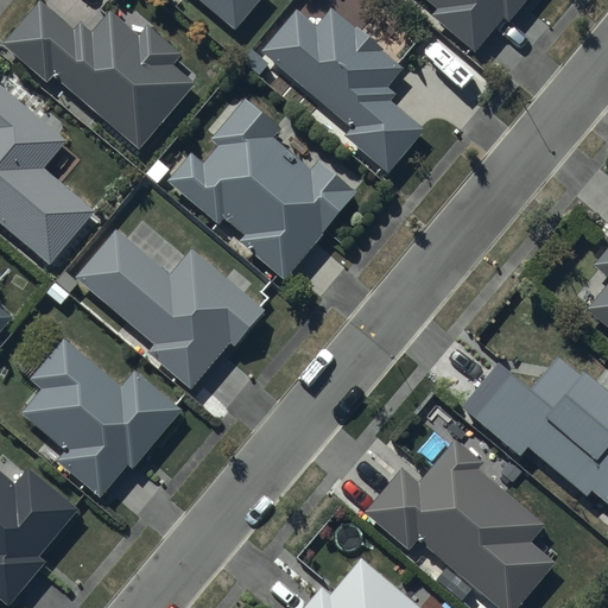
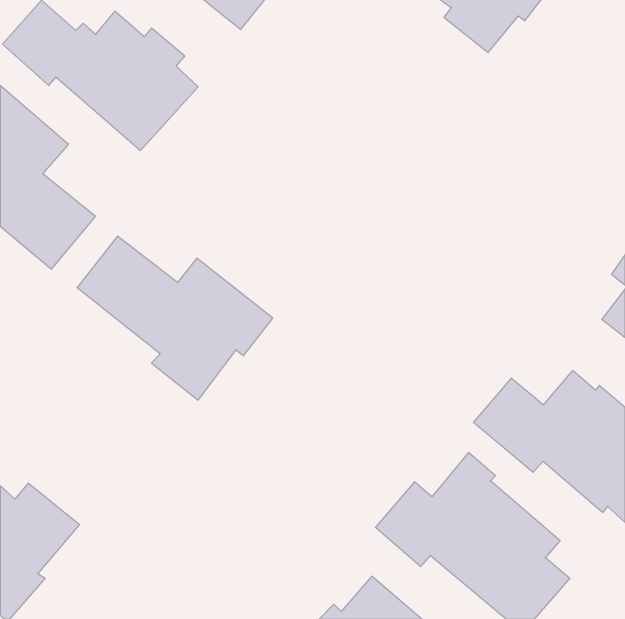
building: [261,8,424,172] -> none
building: [167,100,357,279] -> none
building: [23,338,180,496] -> none

